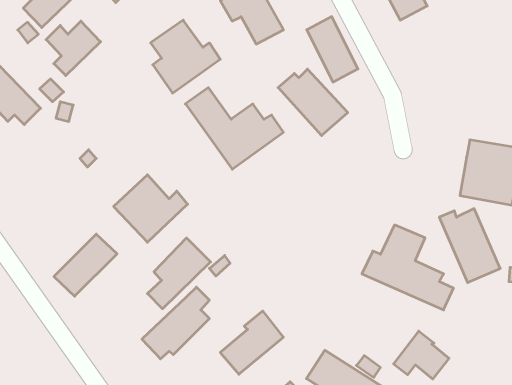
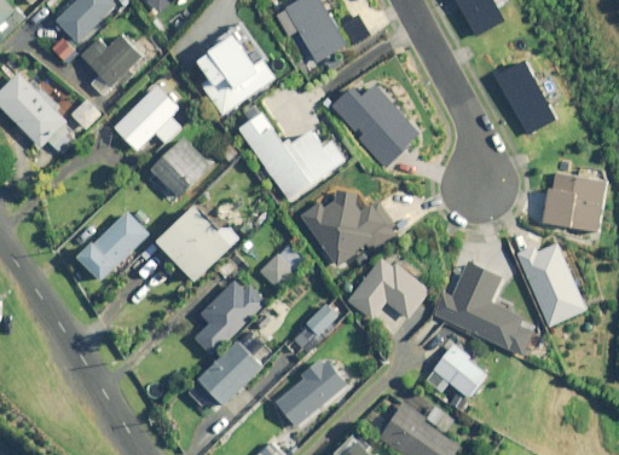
building: [307,17,358,82] -> [496,62,553,134]
building: none -> [112,85,179,150]
building: none -> [150,137,209,197]
building: none -> [295,185,399,266]
building: none -> [346,247,435,319]
building: none -> [260,254,294,288]
building: [54,234,117,296] -> [77,212,147,281]
building: none -> [289,304,337,350]
building: [394,331,449,379] -> [424,344,486,397]

